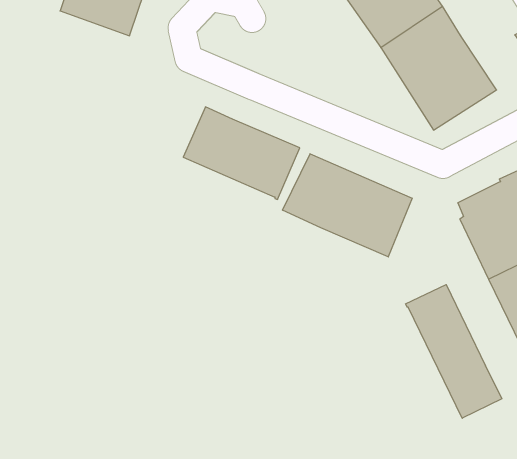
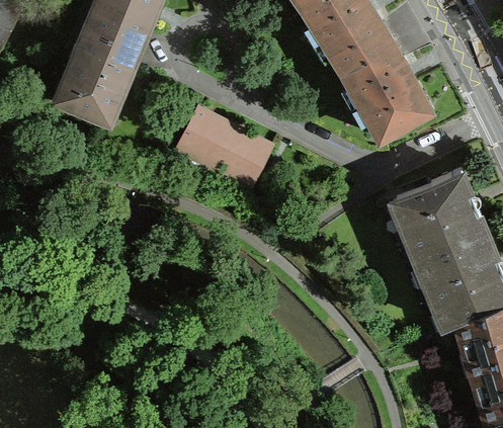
building: none -> [53,27,138,123]
building: [283,154,412,257] -> none
building: [406,285,502,418] -> none

